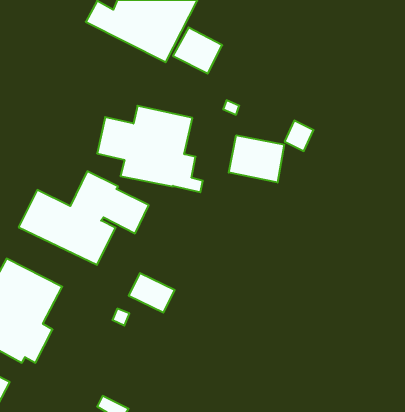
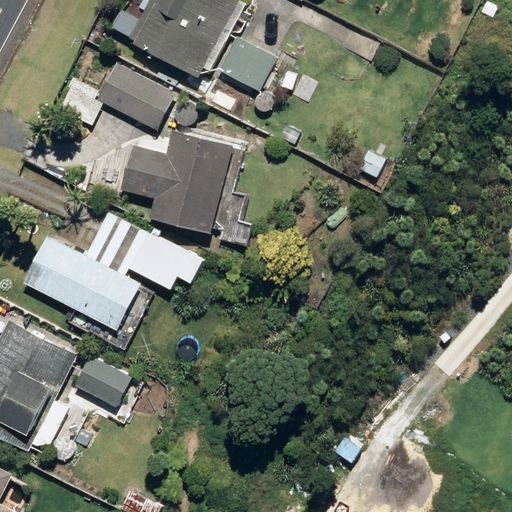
building: none -> [55,63,174,130]
building: [229,135,284,183] -> none
building: [129,273,175,313] -> [74,356,131,405]

